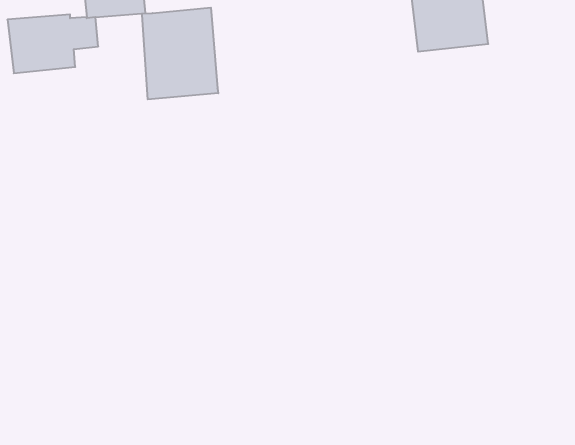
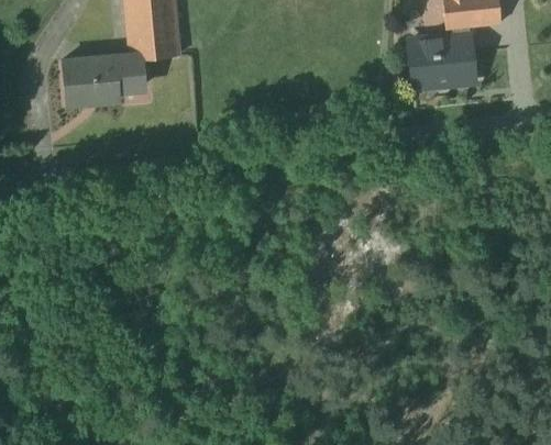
building: [142,8,218,99] -> none

